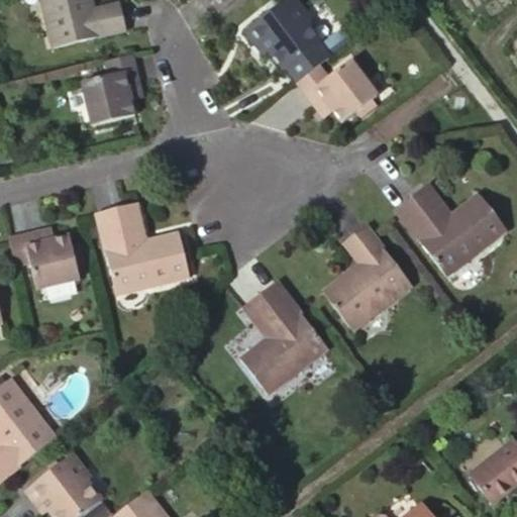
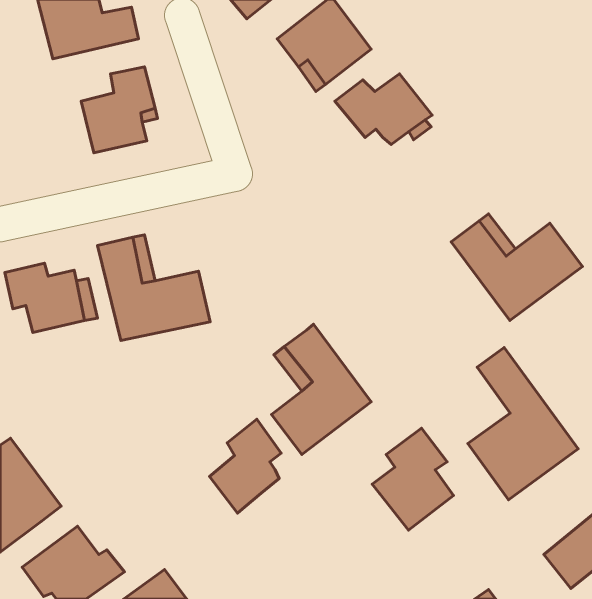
building: [320,222,412,329] -> none
building: none -> [468,348,578,500]
building: none -> [210,419,281,513]
building: none -> [372,428,454,530]

